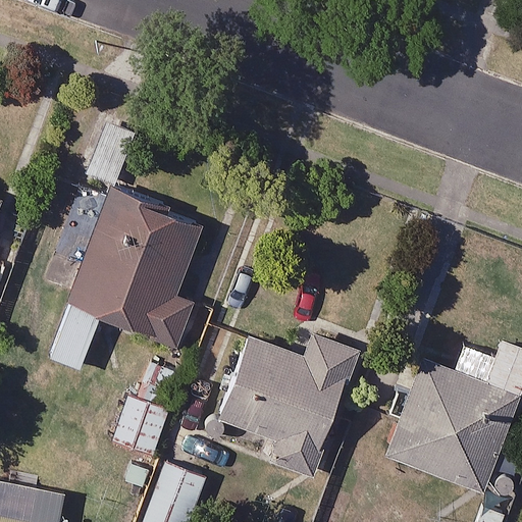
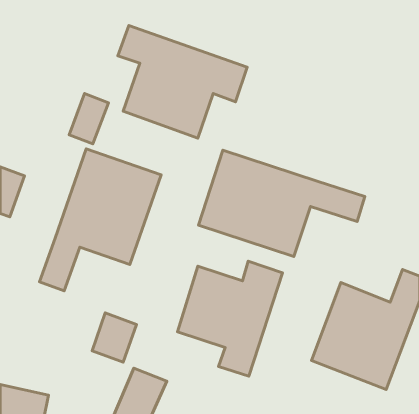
building: none -> [118,25,247,138]
building: none -> [198,150,365,257]

